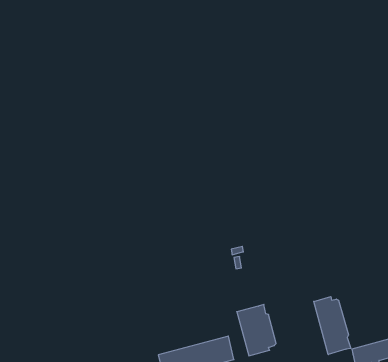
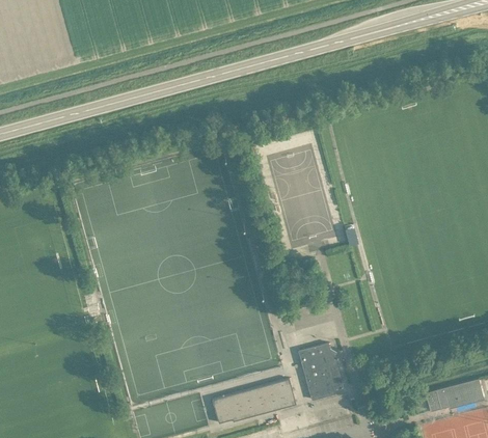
building: [314,297,351,355] -> none

